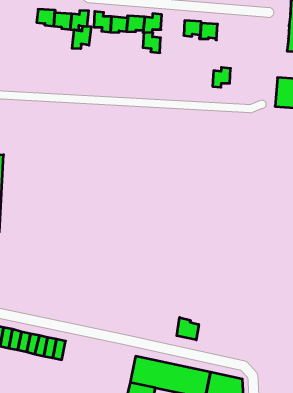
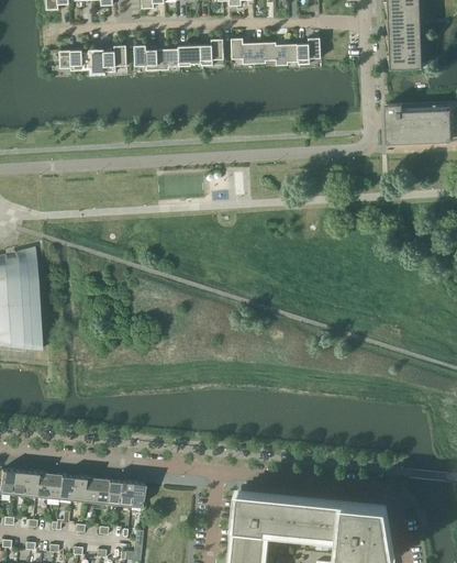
building: [72,26,91,49] -> none
building: [143,33,161,53] -> [231,38,255,64]
building: [213,67,231,87] -> [298,38,321,65]
building: [177,317,199,340] -> none

